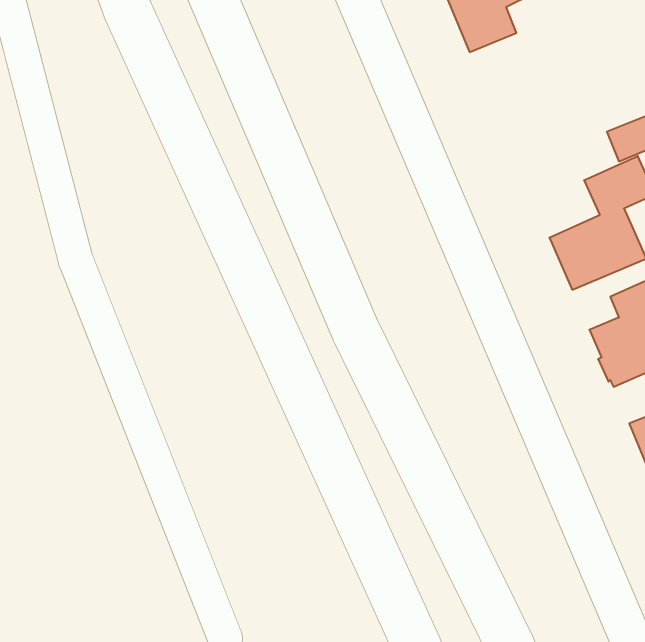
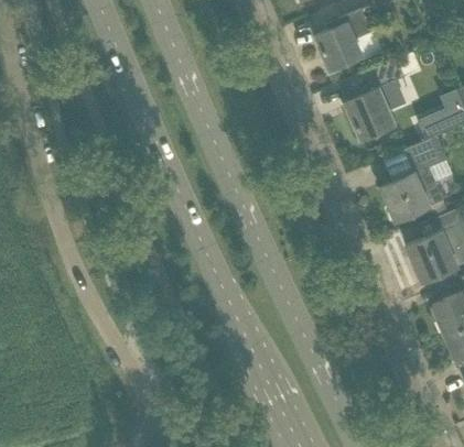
building: none -> [345,59,404,140]

